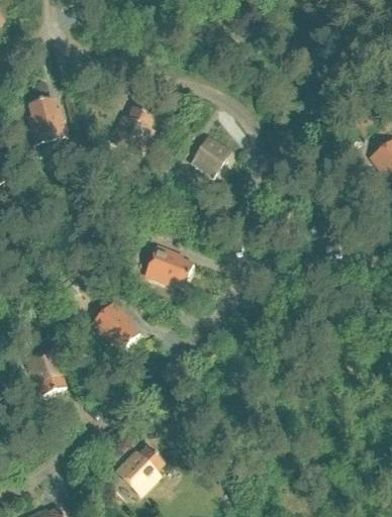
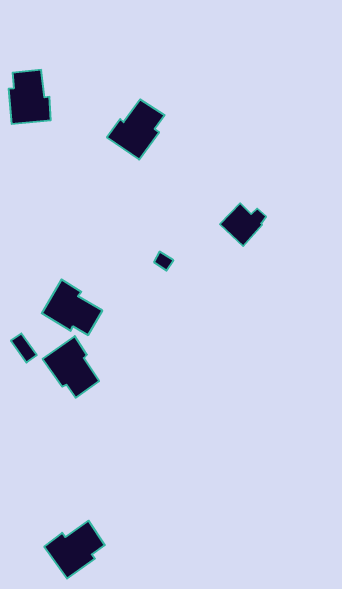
building: [195,136,230,170] -> [220,203,266,246]
building: [145,243,193,284] -> [42,279,102,335]

